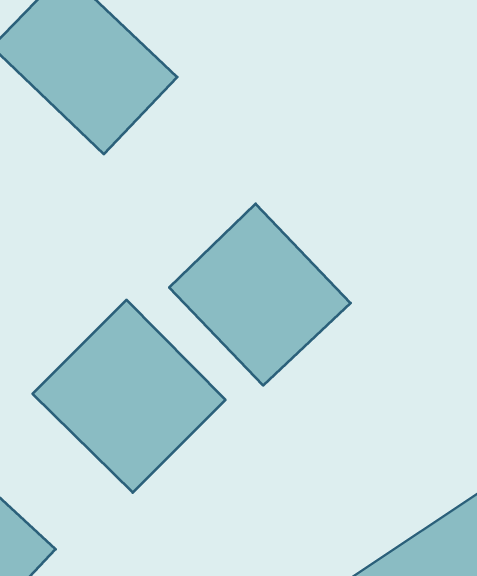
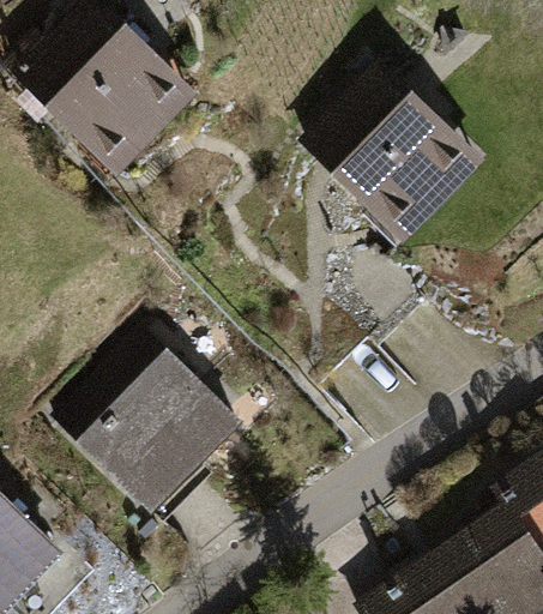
building: none -> [302,60,483,242]
building: [169,204,351,385] -> none

